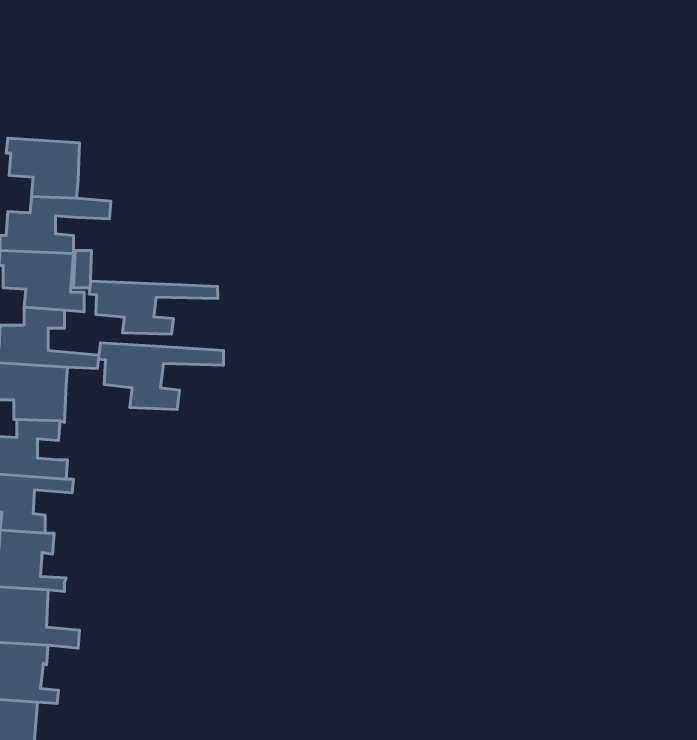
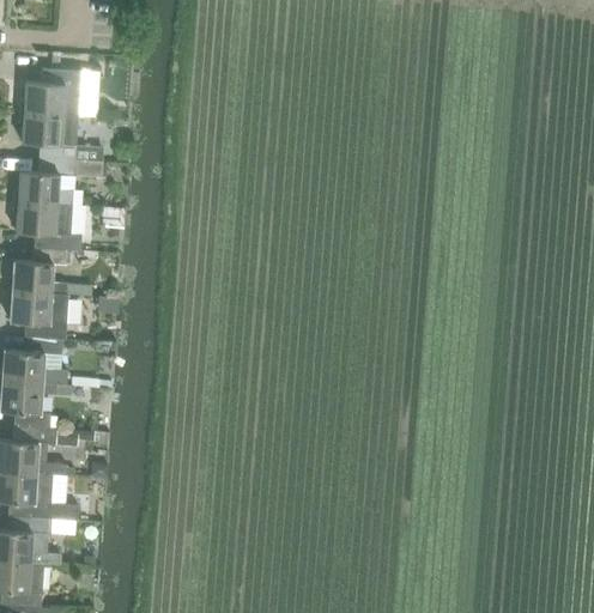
building: none -> [20,68,80,116]
building: [89,281,218,334] -> none
building: [99,343,223,410] -> none

